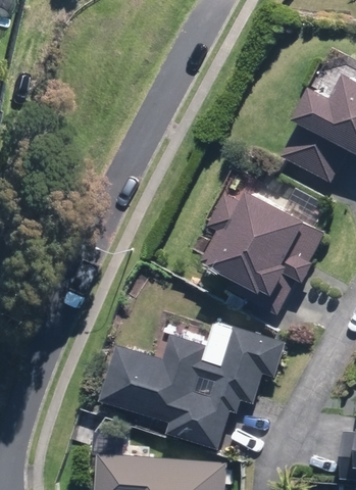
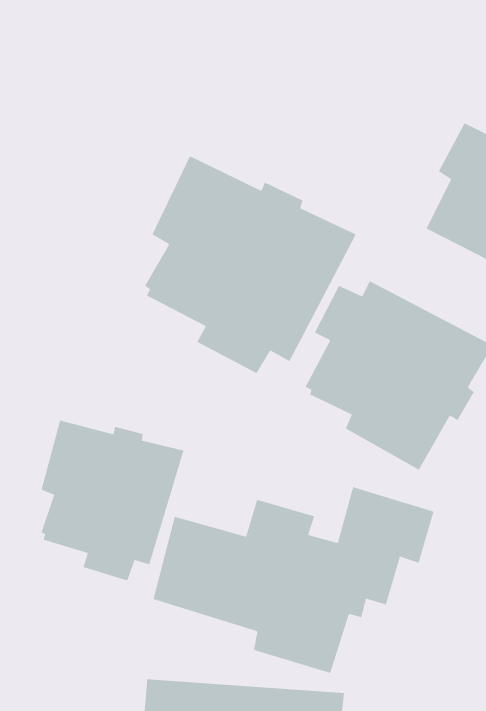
building: none -> [144,155,357,374]
building: none -> [40,420,184,582]

